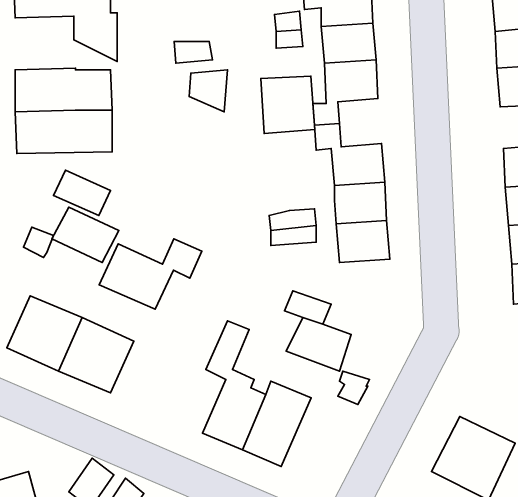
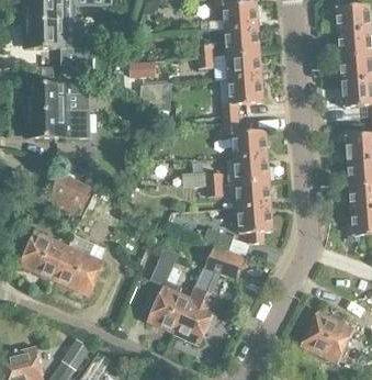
building: [261,76,315,133] -> none
building: [99,239,202,309] -> none
building: none -> [238,206,272,244]

